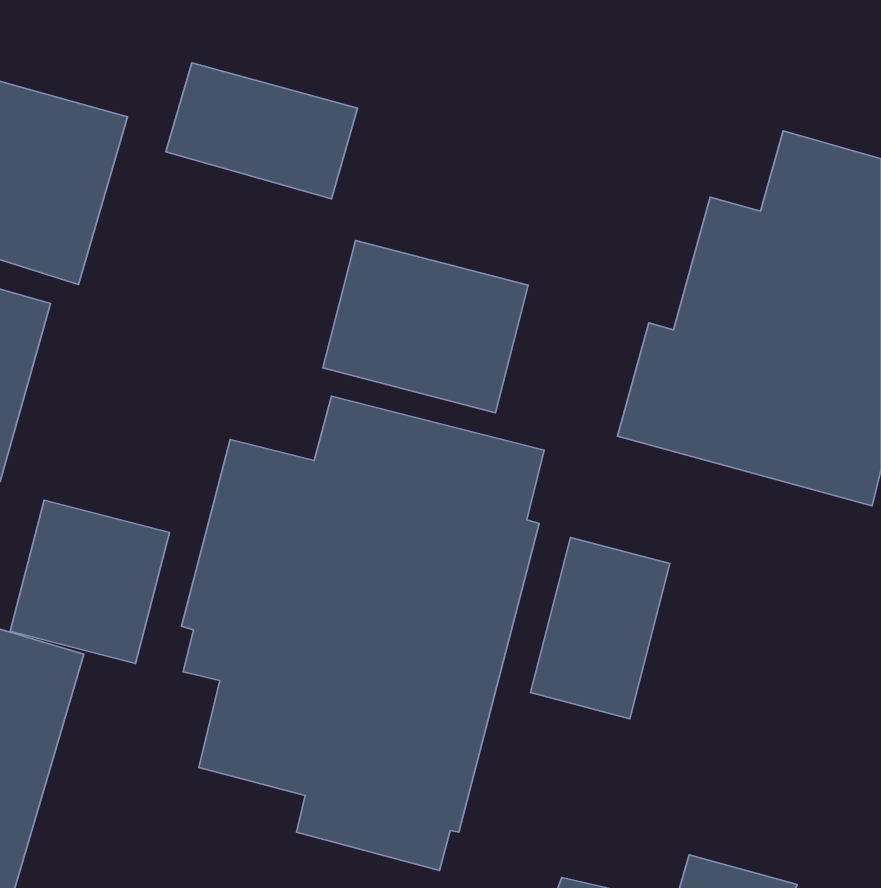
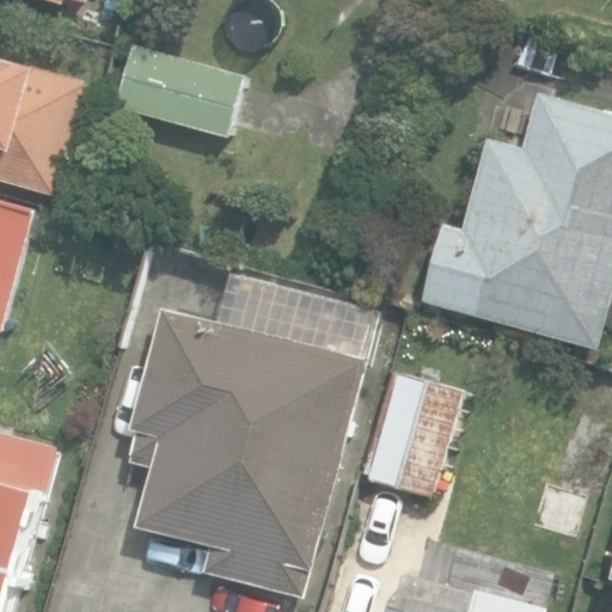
building: [323,240,528,413] -> none
building: [10,500,169,663] -> none

